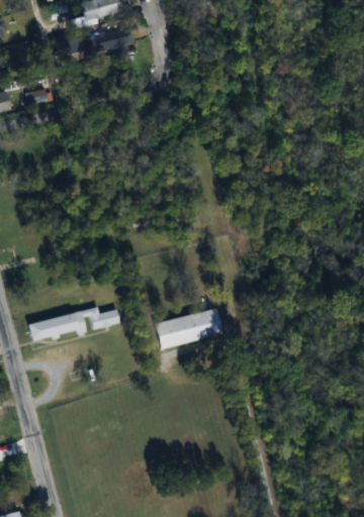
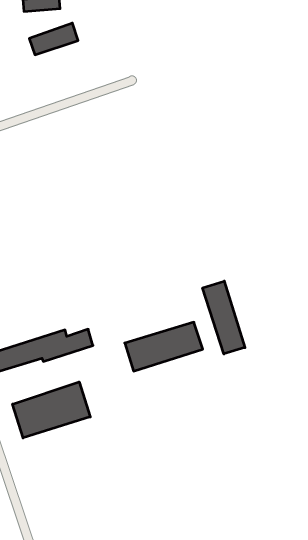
building: none -> [203,281,245,354]
building: none -> [13,382,90,438]

